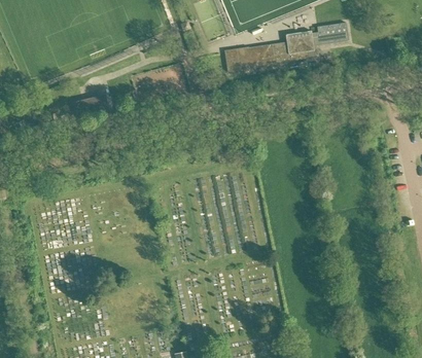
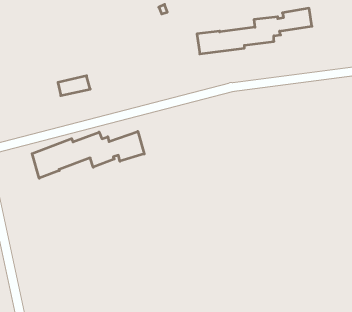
building: none -> [32,131,144,178]

